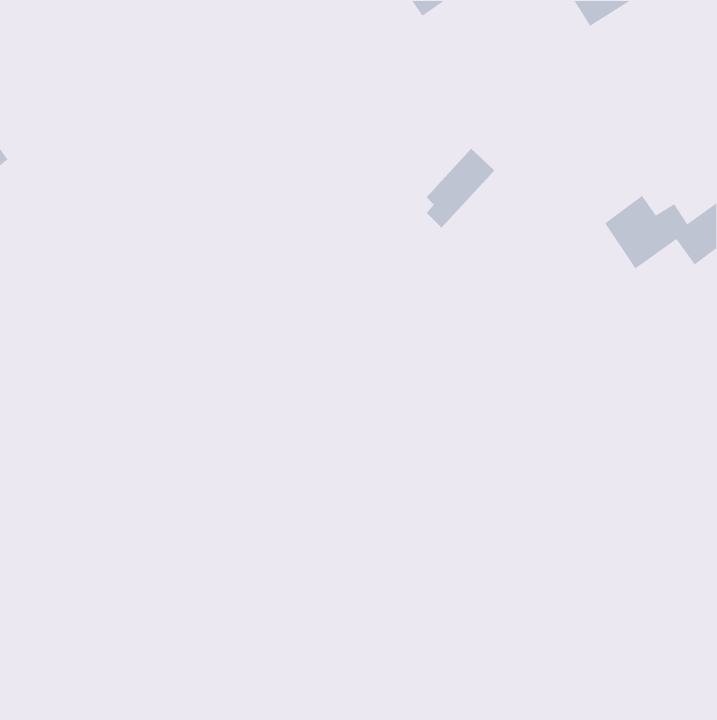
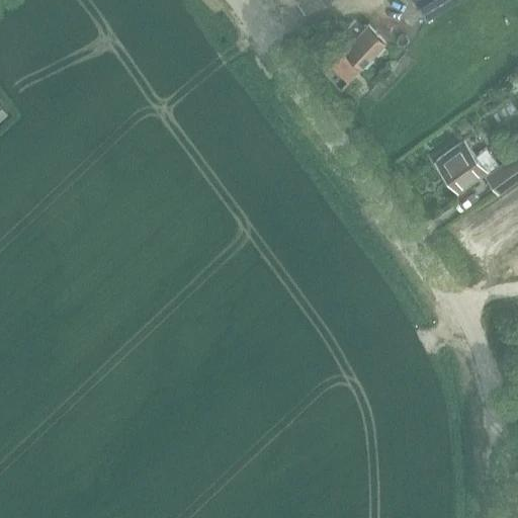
building: [426,148,495,228] -> [334,25,383,83]

